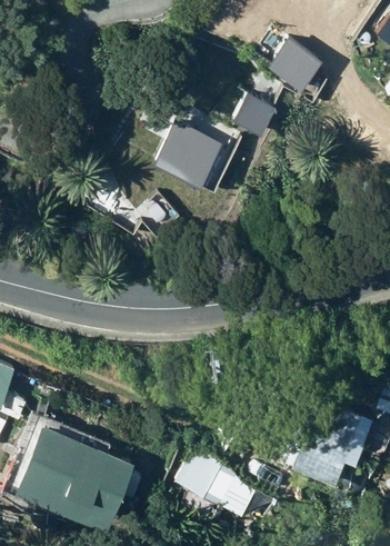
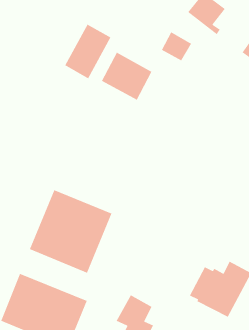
building: none -> [64,23,111,79]
building: none -> [29,189,112,274]

